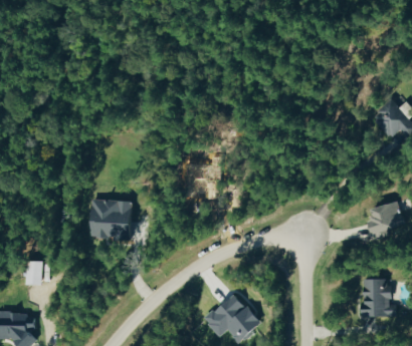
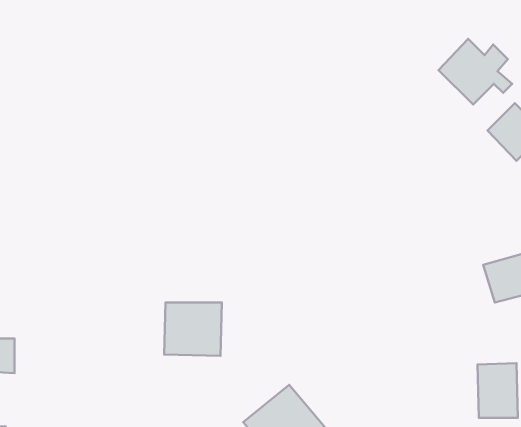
building: none -> [439,39,512,105]
building: [90,200,131,237] -> [164,302,222,356]

